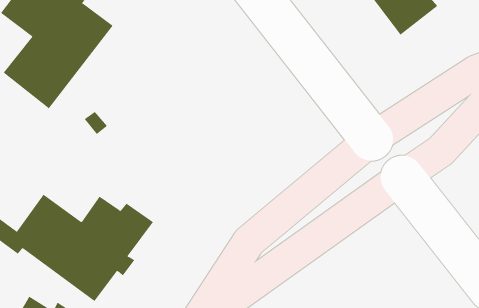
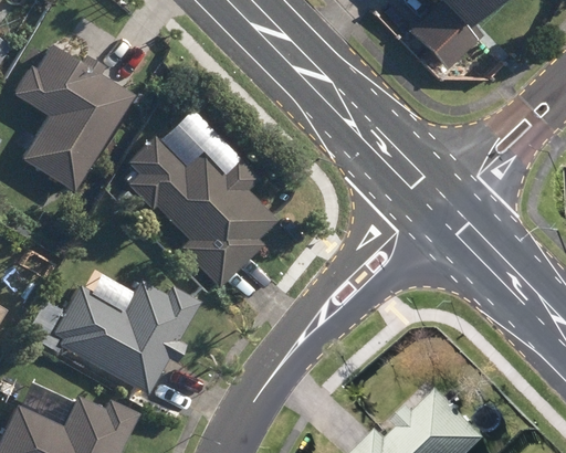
building: none -> [125,133,276,287]

